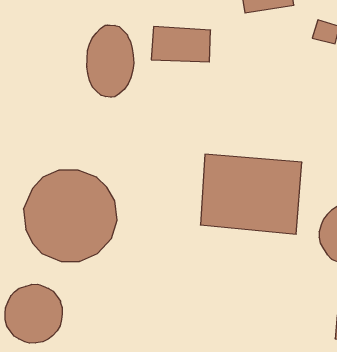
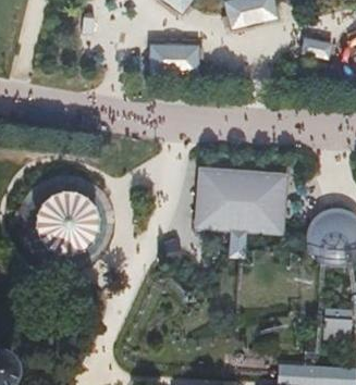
building: [87,25,134,97] -> none
building: [5,284,62,343] -> none

